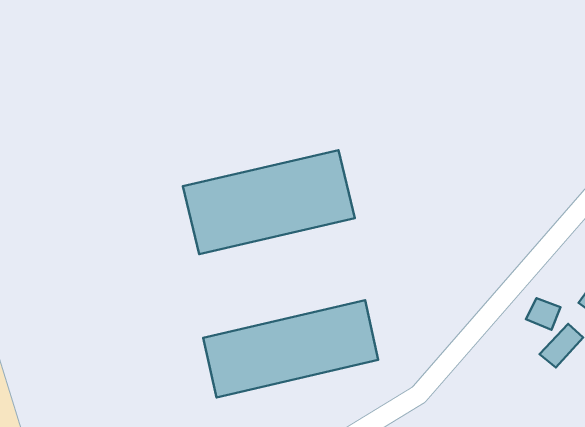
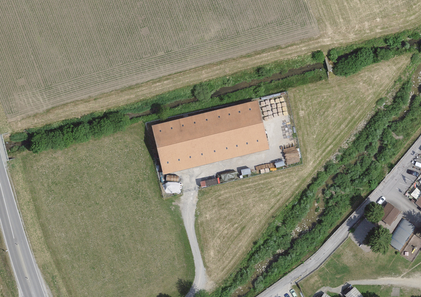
building: [203,300,378,398] -> none

